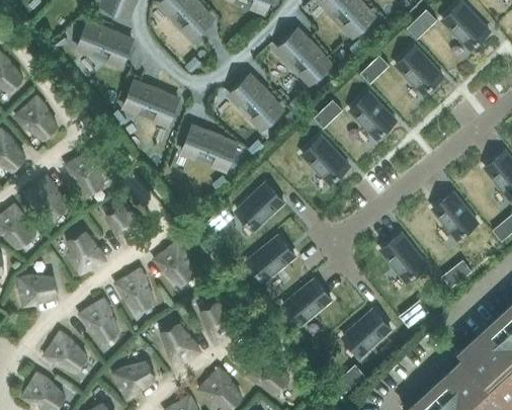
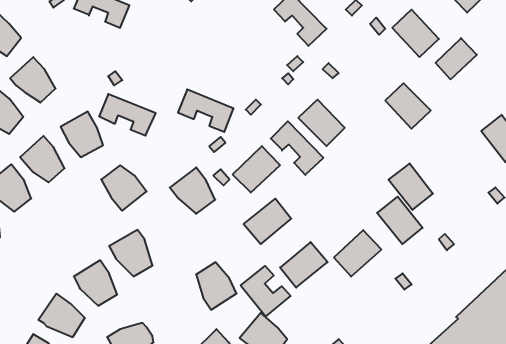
building: [230,75,282,129] -> [271,121,323,175]
building: none -> [436,38,477,79]
building: [122,82,179,124] -> [99,94,156,136]
building: [350,93,396,139] -> [385,83,431,129]
building: [432,192,477,239] -> [388,163,433,210]
building: [66,231,108,277] -> none
building: [151,240,196,286] -> [170,167,215,214]
building: [15,274,59,310] -> none
building: none -> [241,266,291,316]
building: [343,310,391,356] -> [334,230,381,277]
building: [160,322,202,368] -> none

